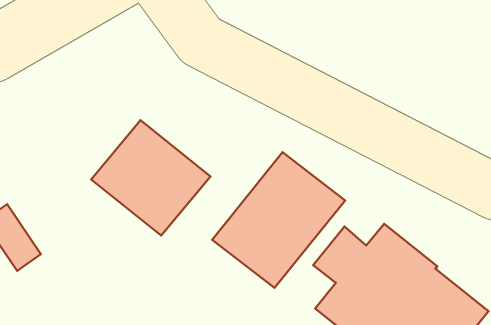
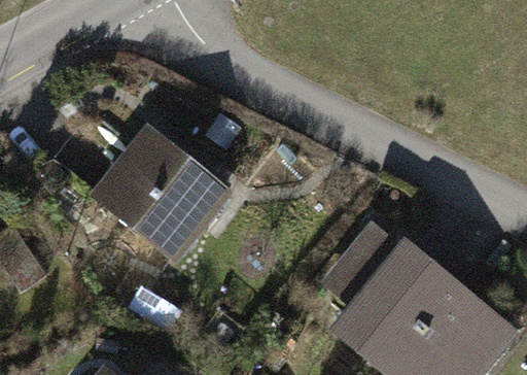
building: [212,152,345,288] -> none

